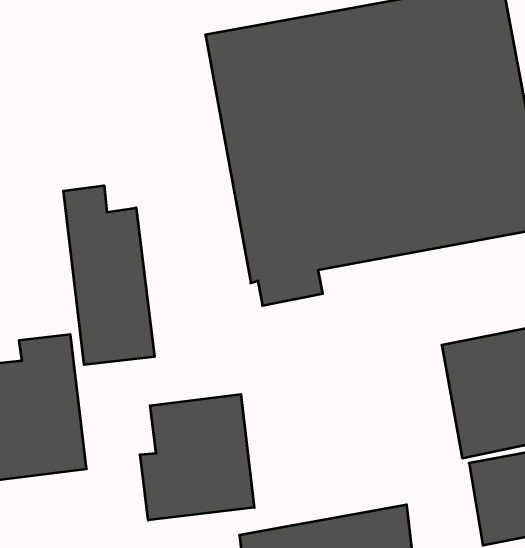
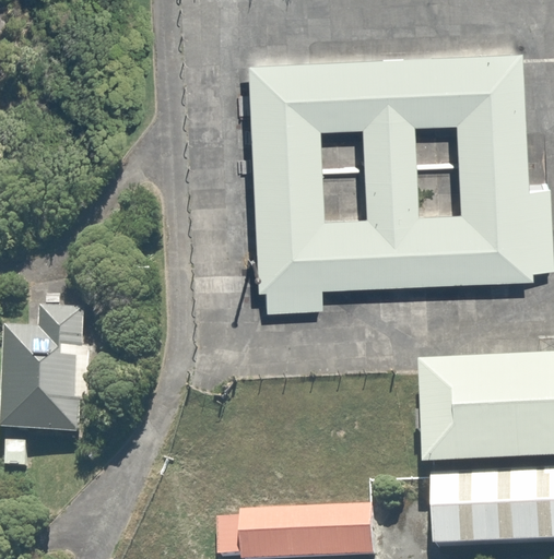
building: [63,186,154,365] -> none
building: [140,394,254,520] -> none

